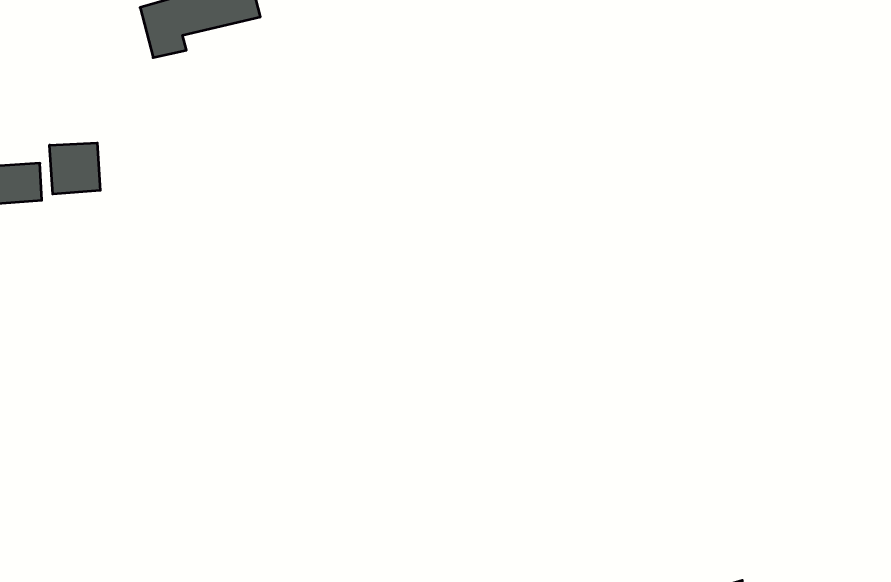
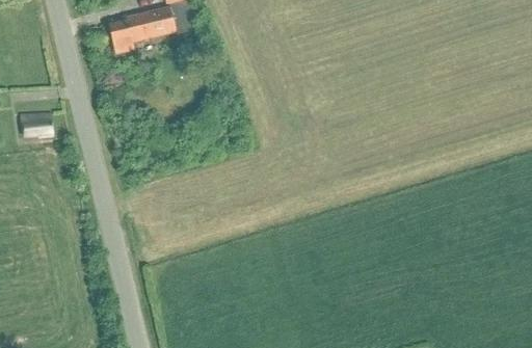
building: [50,143,100,194] -> none

